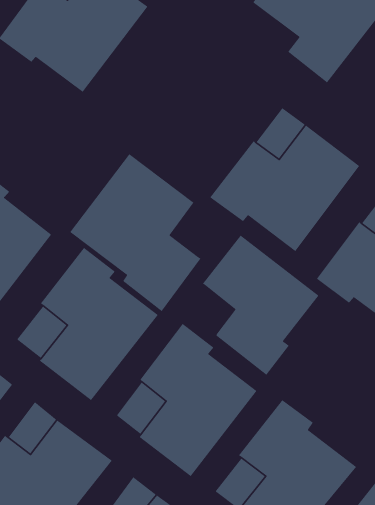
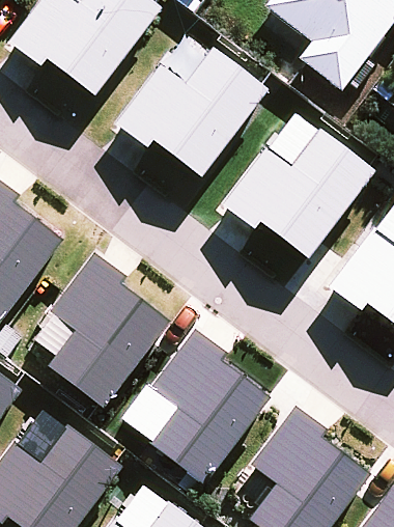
building: none -> [114,49,266,178]
building: [69,153,201,312] -> none
building: [202,234,319,376] -> none

